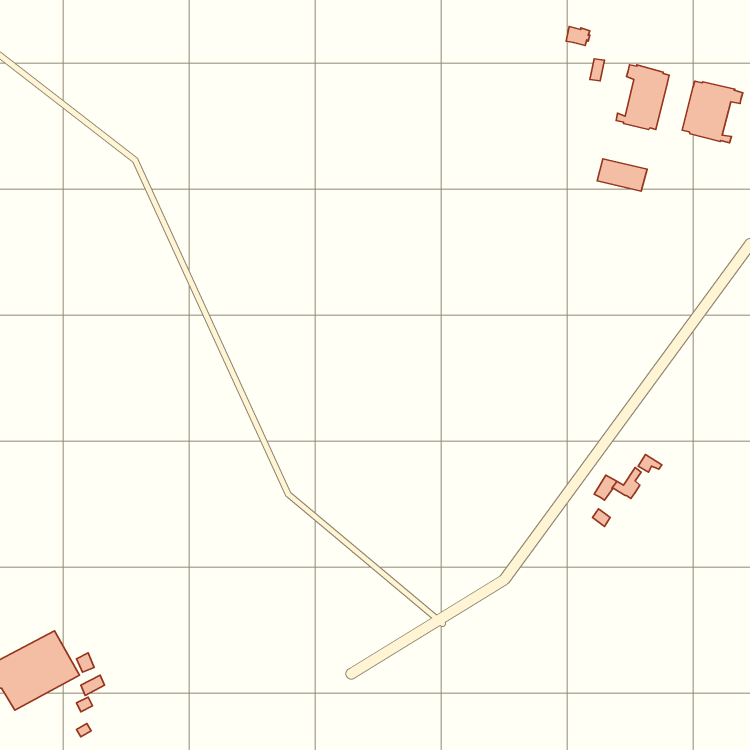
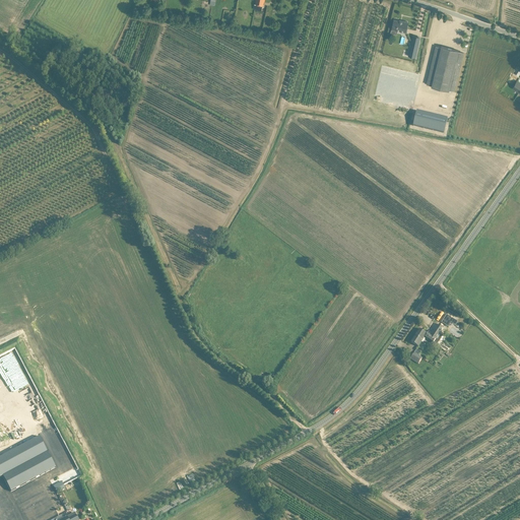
building: [682,81,743,143] -> none

